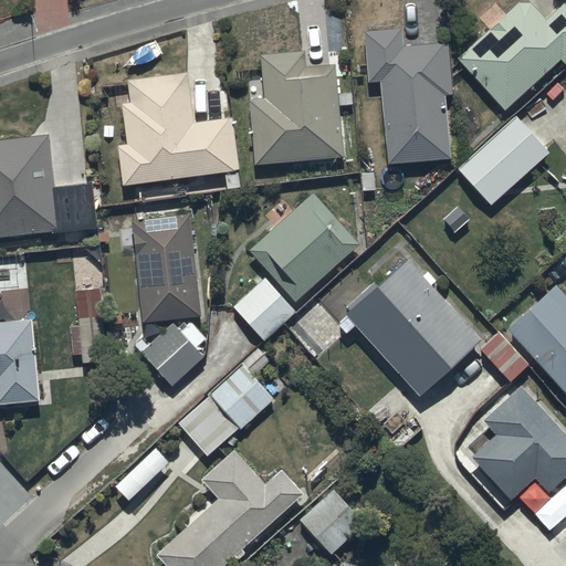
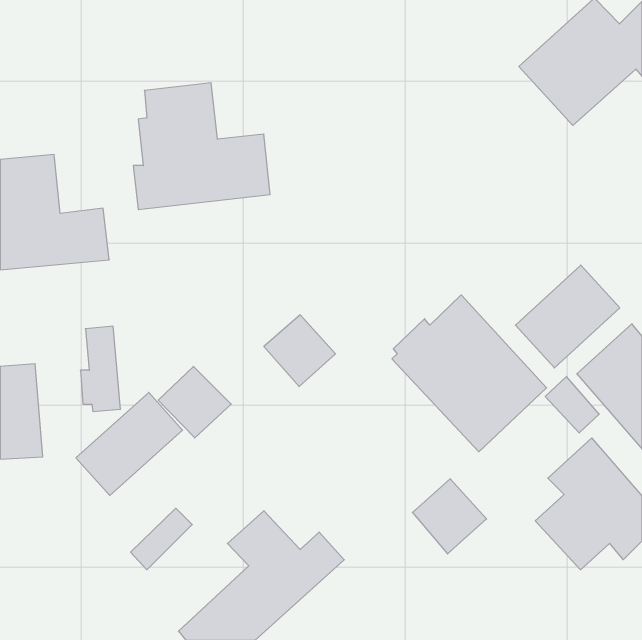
building: [363,29,453,165] -> none
building: [249,52,342,165] -> none
building: [457,115,548,206] -> [515,265,620,368]
building: [249,192,360,303] -> none
building: [132,213,201,323] -> none
building: [178,366,272,457] -> [76,392,183,495]
building: [300,490,365,556] -> [412,479,487,554]

